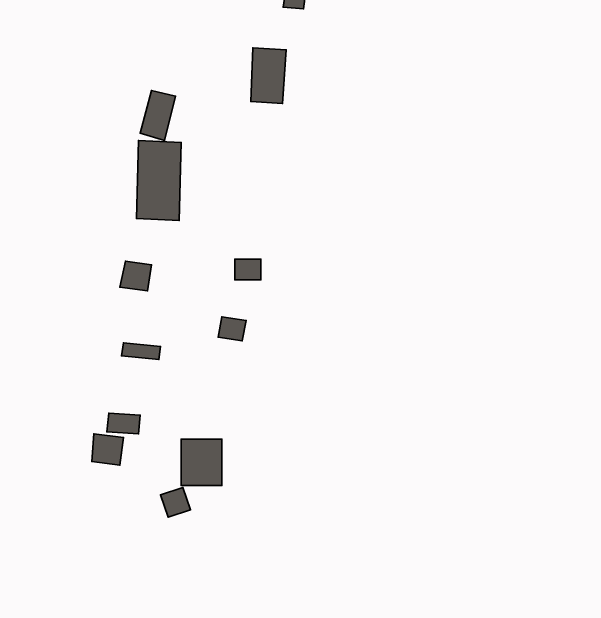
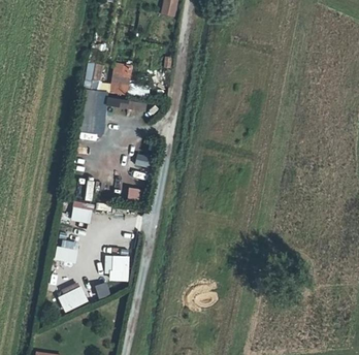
building: [251,48,286,103] -> [111,62,131,93]
building: none -> [58,285,89,312]

